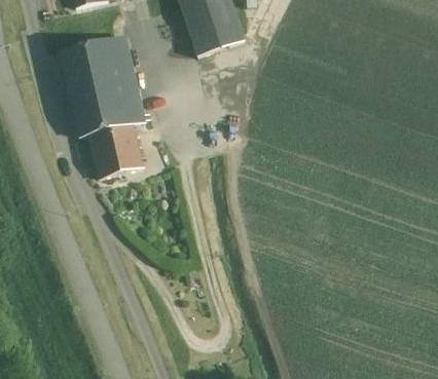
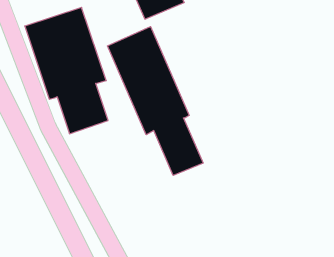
building: none -> [108,27,203,175]

